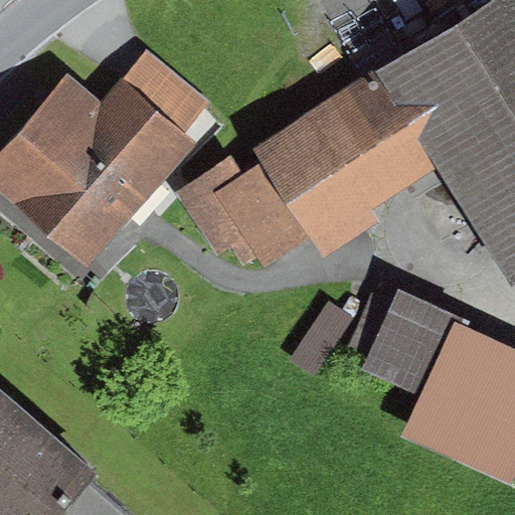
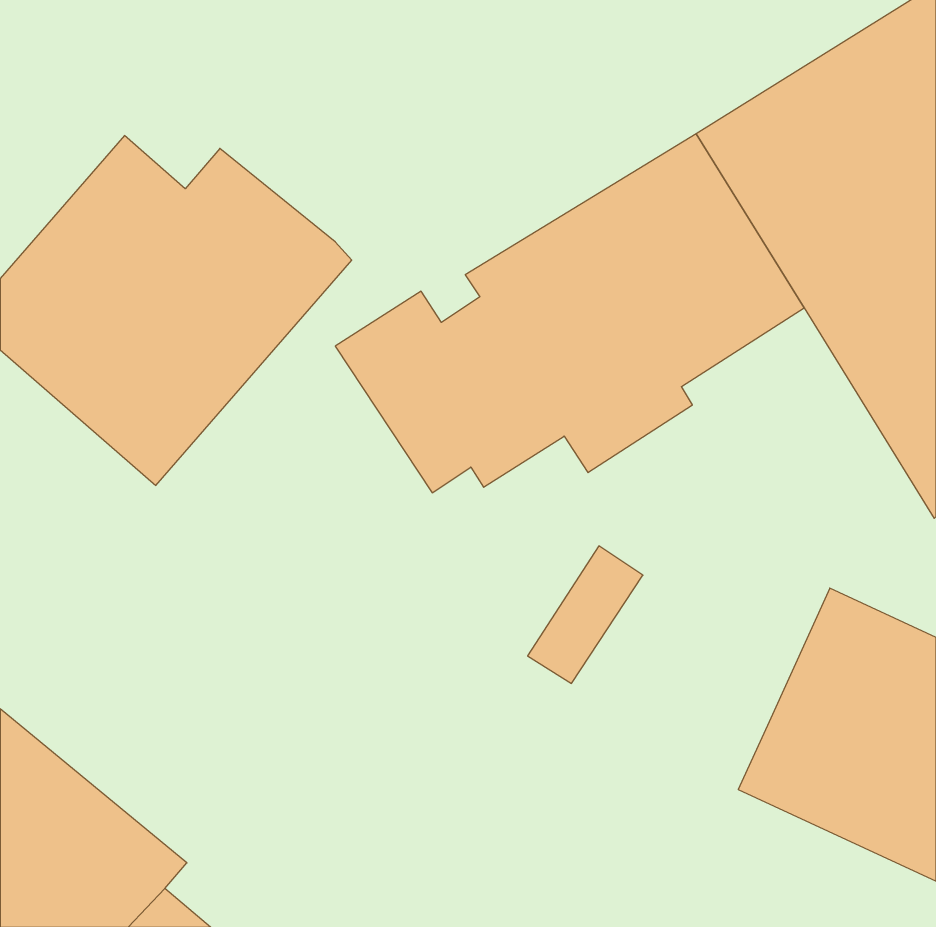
building: [121,48,211,133] -> none
building: [365,298,456,396] -> none

